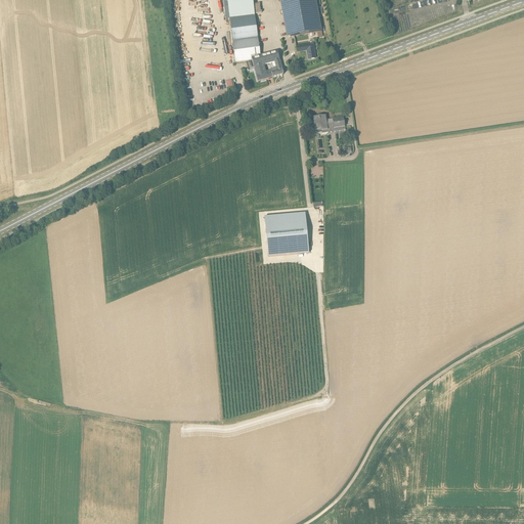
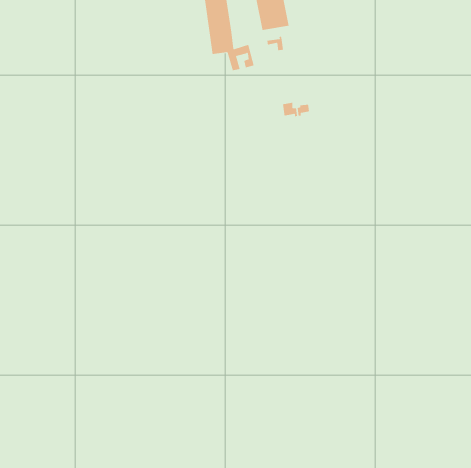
building: [265,212,309,254] -> none

